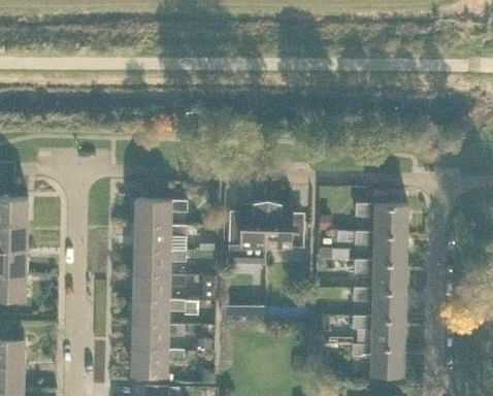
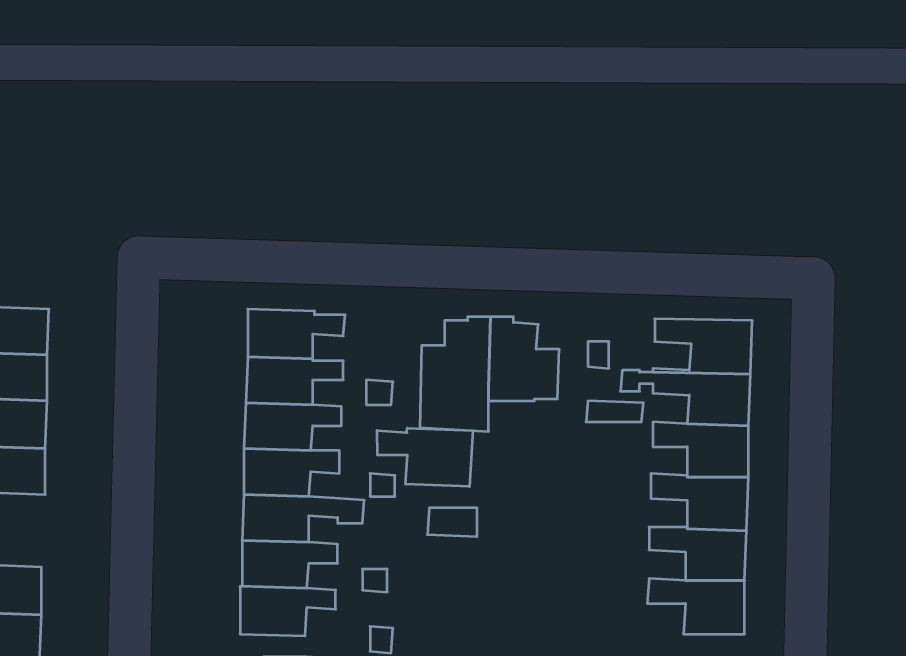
building: none -> [377,428,473,487]

